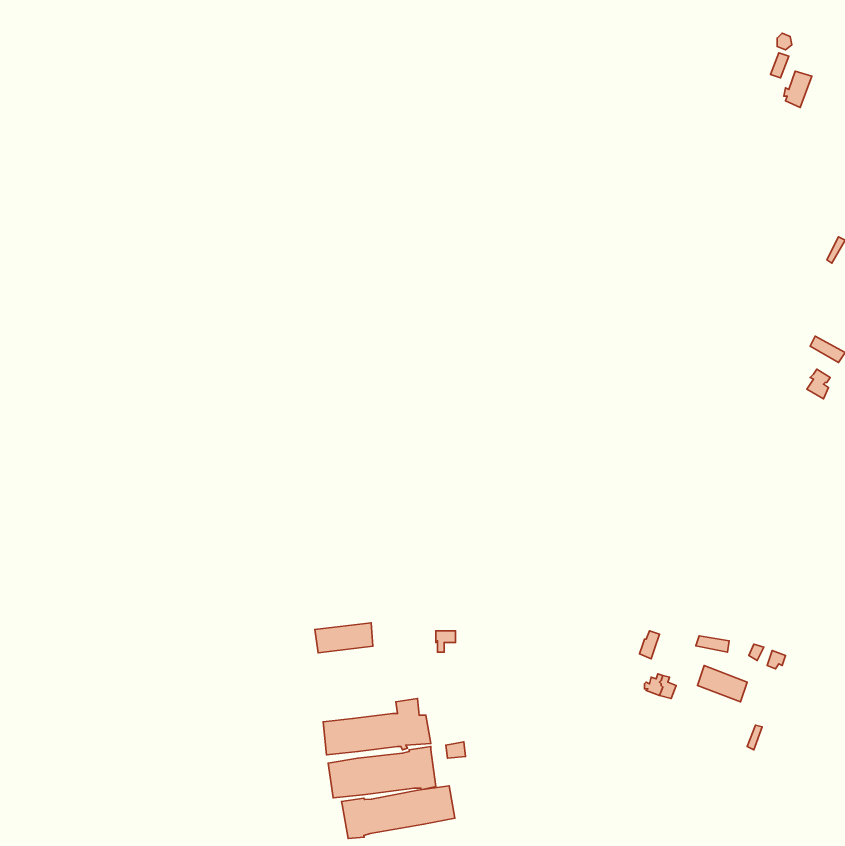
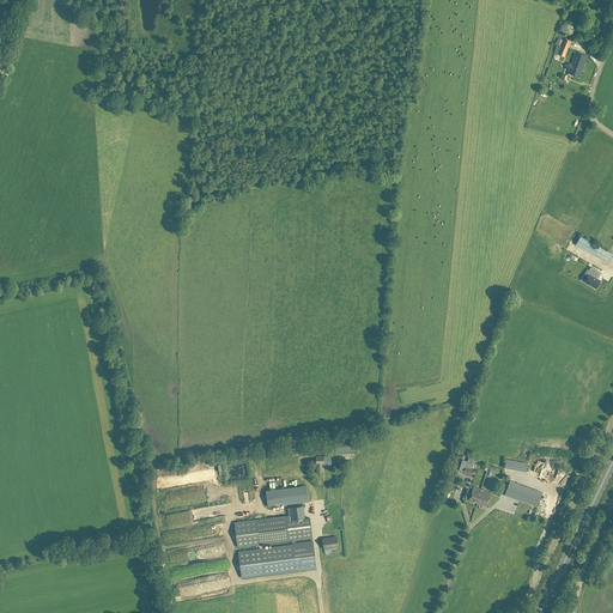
building: [315,623,373,653] -> [265,485,306,506]
building: [341,786,455,839] -> none

